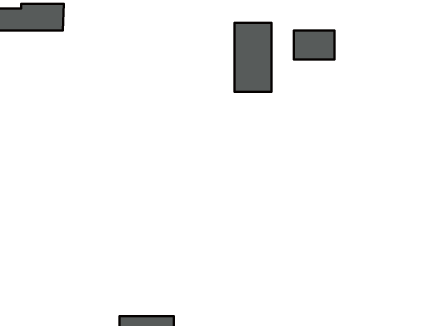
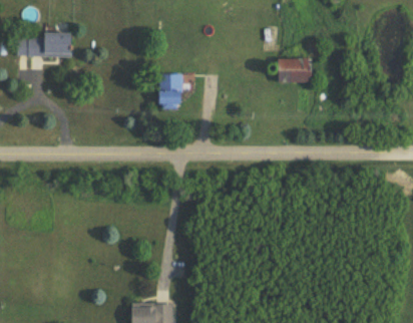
building: [234,23,272,92] -> none
building: none -> [153,75,177,106]

